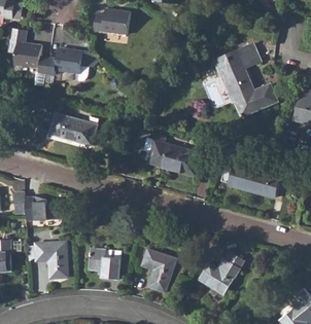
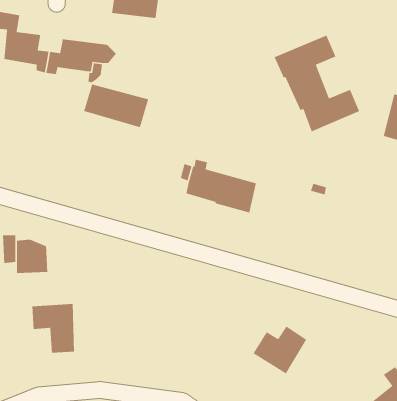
building: [48,113,97,146] -> [83,83,149,128]
building: [228,163,281,199] -> none
building: [90,248,123,280] -> none
building: [142,248,177,292] -> none

